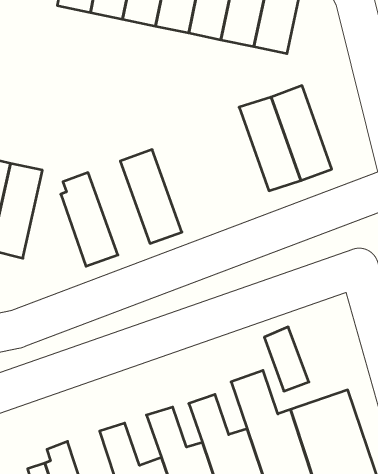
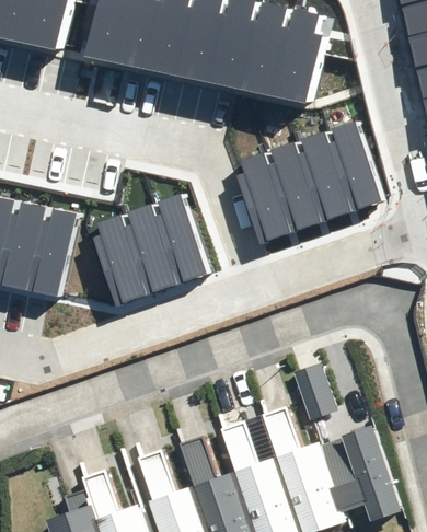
building: none -> [325,122,383,212]
building: none -> [239,153,293,244]
building: none -> [120,205,180,294]

